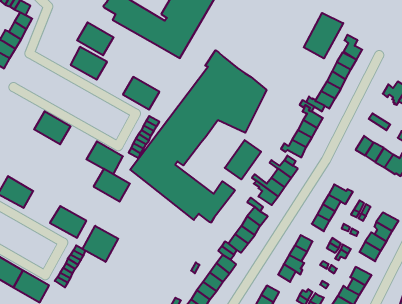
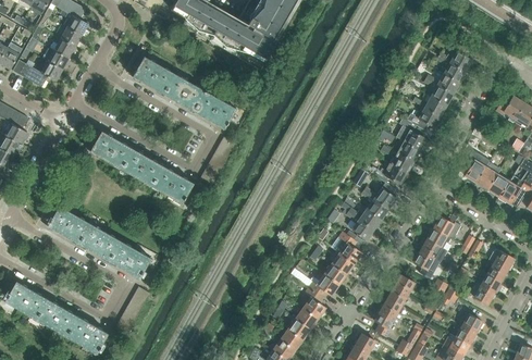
building: [304,13,343,58] -> none
building: [77,22,114,55] -> [163,73,206,111]
building: [130,50,266,223] -> none
building: [225,140,261,179] -> none
building: [94,169,130,202] -> [121,148,163,186]
building: none -> [78,223,121,260]
building: [82,226,118,262] -> none

